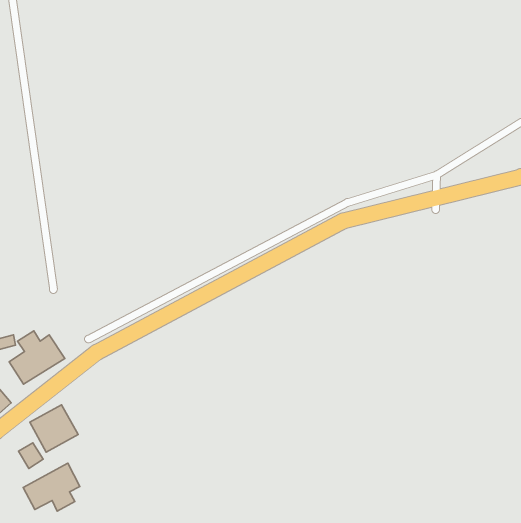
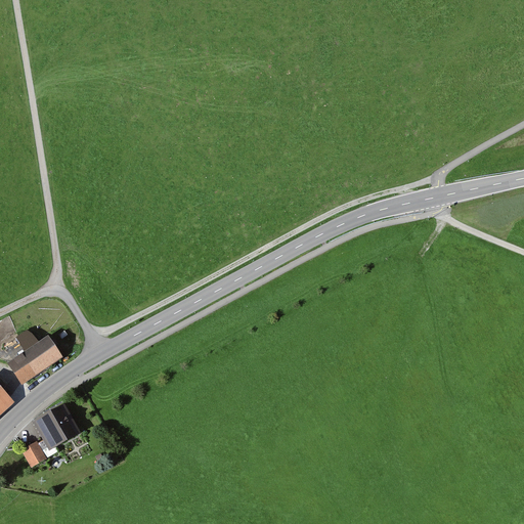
building: [23,463,80,511] -> none

